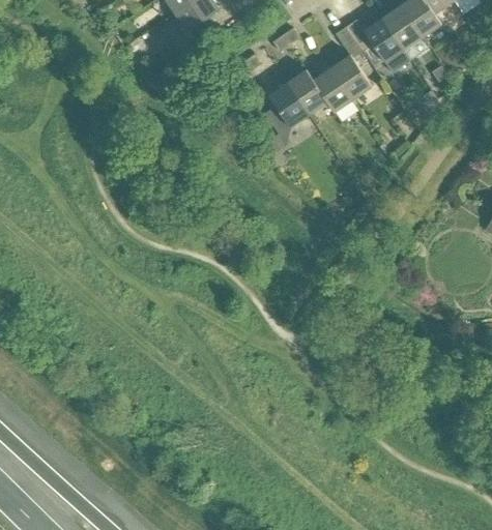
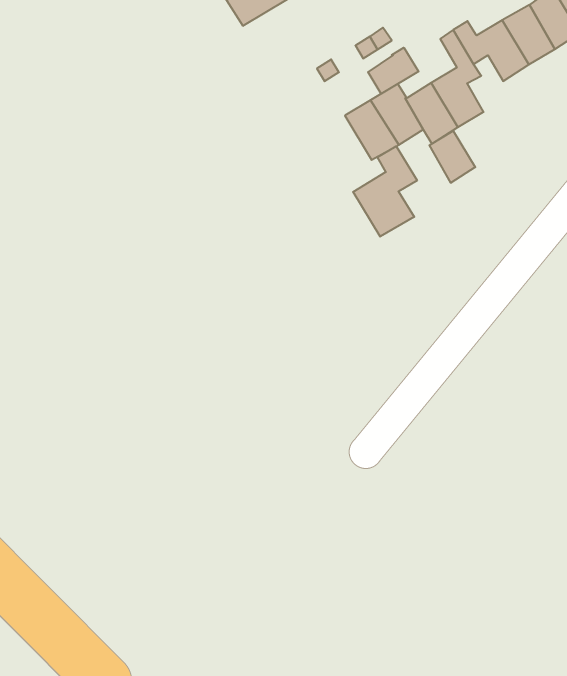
building: none -> [368,48,419,94]
building: none -> [429,131,475,183]
building: none -> [353,146,417,237]

